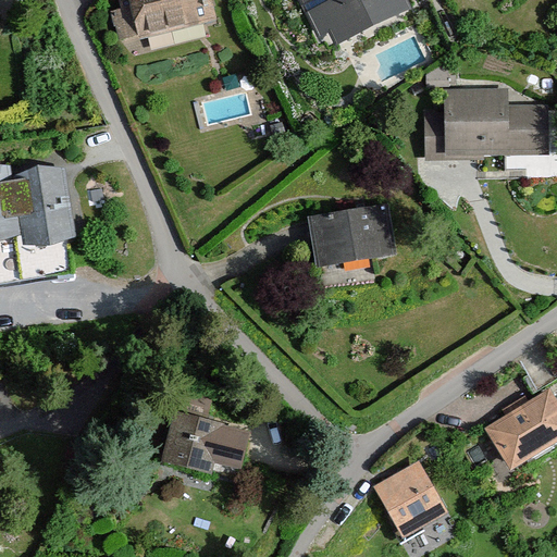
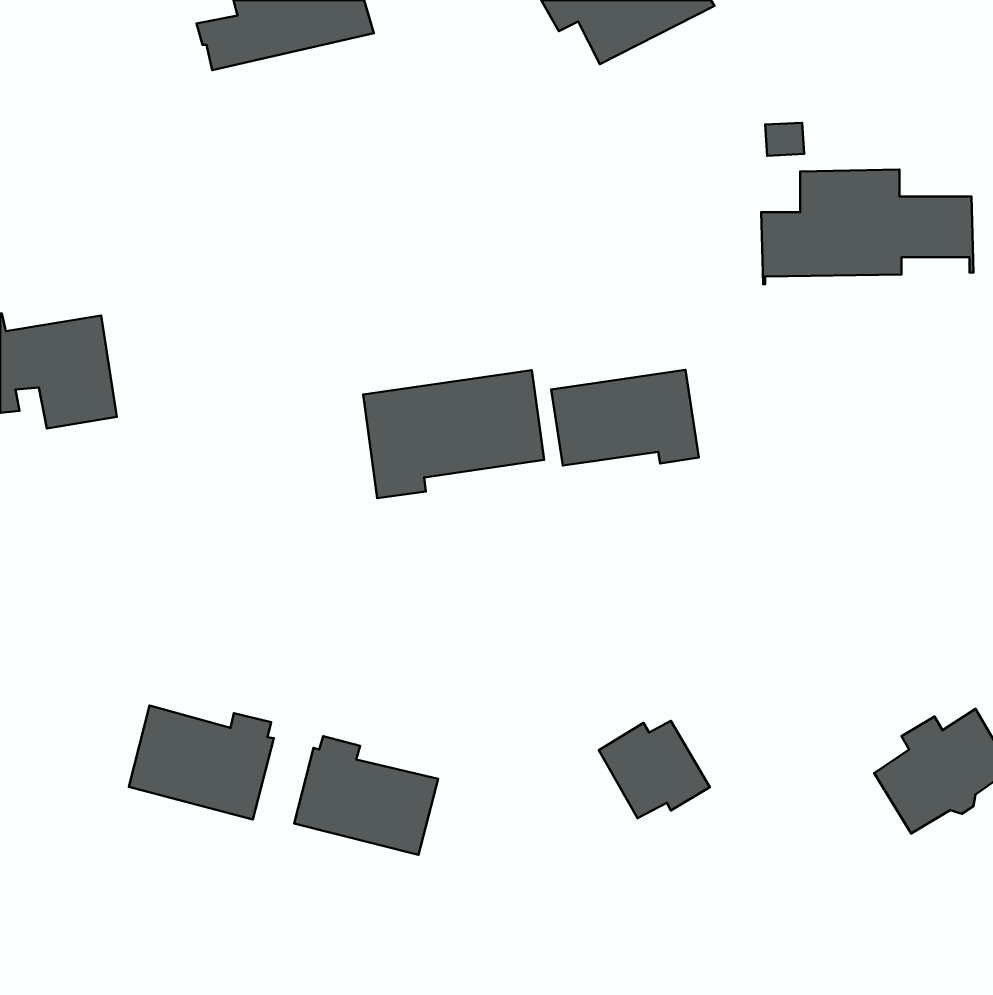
building: none -> [363,370,544,498]
building: none -> [129,706,274,820]
building: [379,474,441,529] -> [599,721,710,818]

